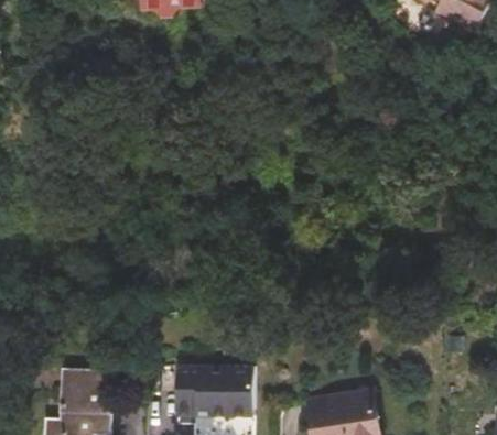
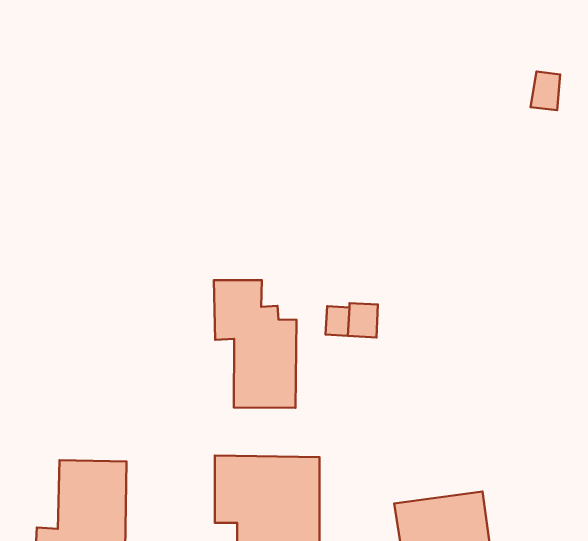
building: none -> [214,280,296,408]

